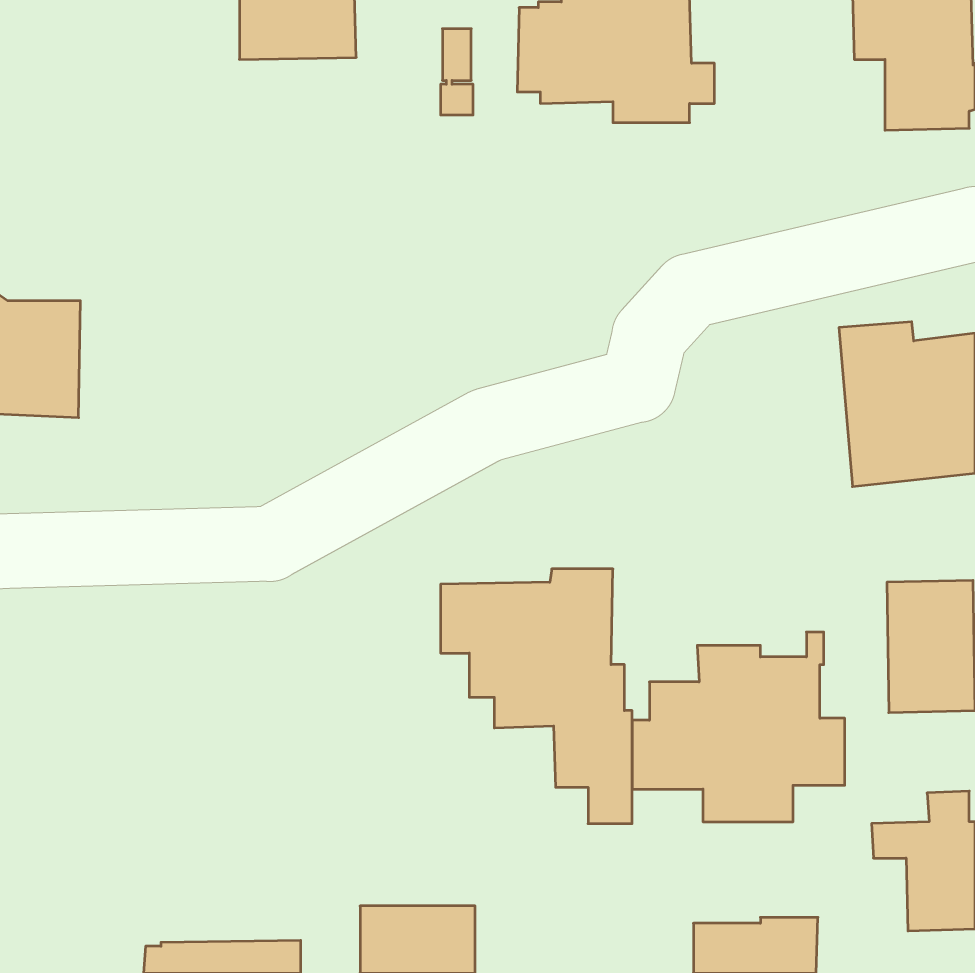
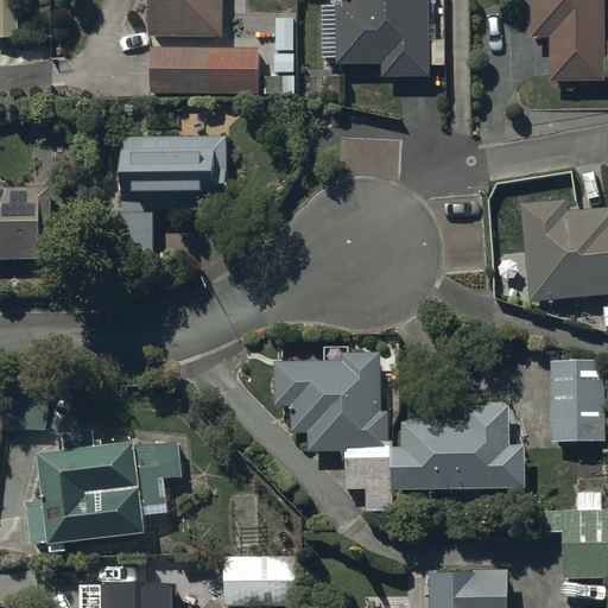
building: none -> [150,46,258,93]
building: none -> [104,137,226,255]
building: none -> [25,431,180,545]

